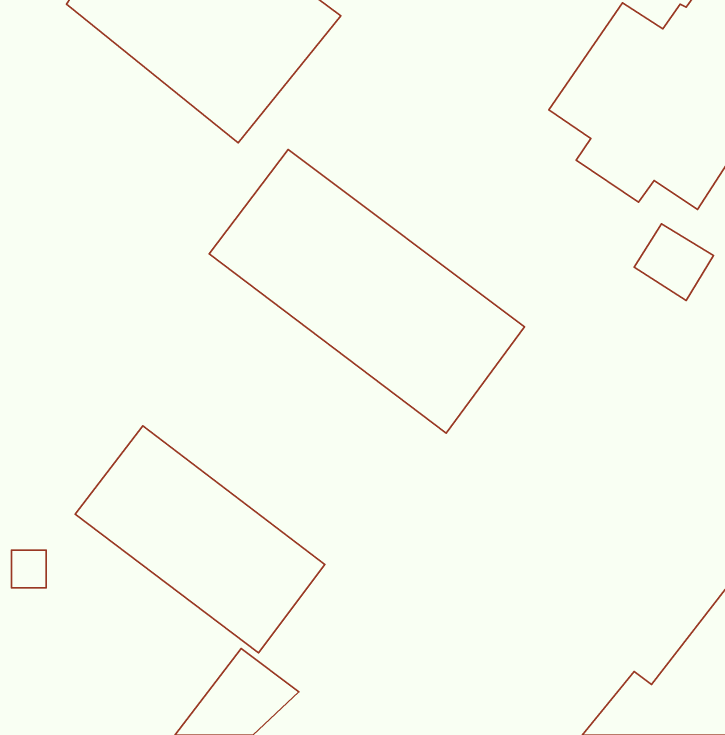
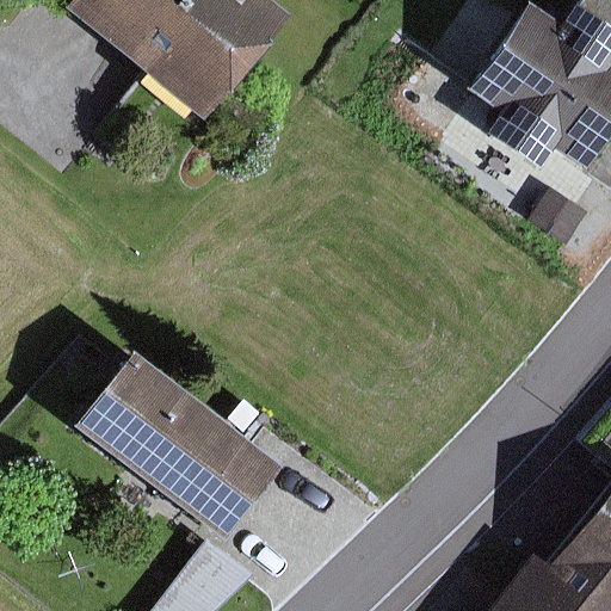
building: [209,150,525,433] -> none

